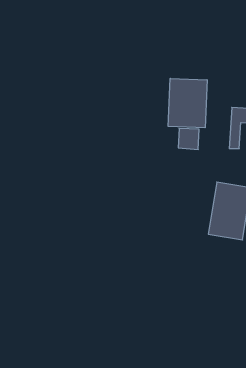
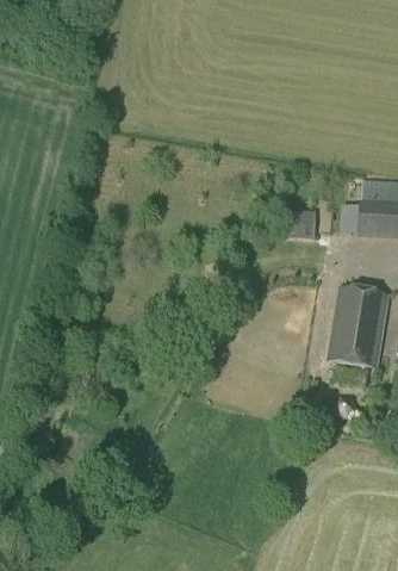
building: [168,78,207,128] -> none

